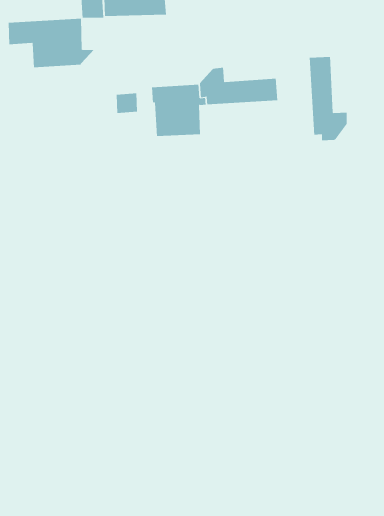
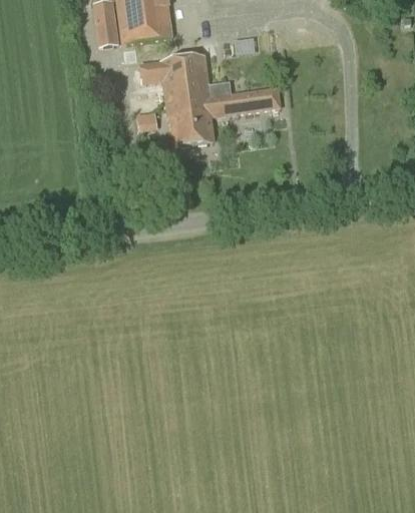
building: [8,18,95,68] -> [139,55,220,103]
building: [309,56,347,141] -> none

